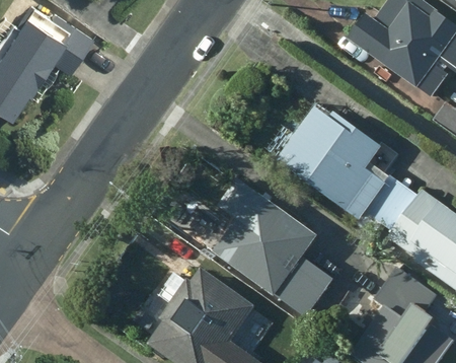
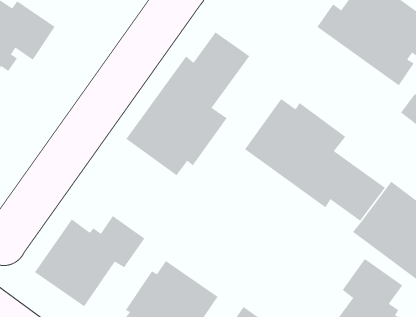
building: none -> [126,32,250,176]
building: [214,194,332,316] -> none
building: none -> [34,215,145,307]

